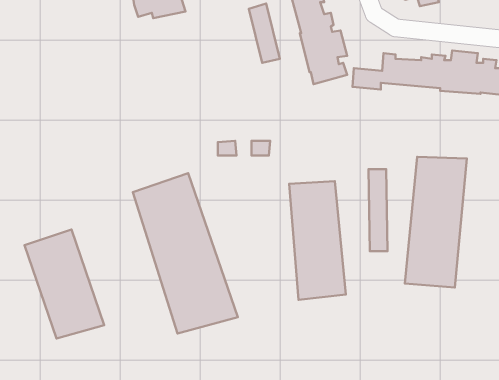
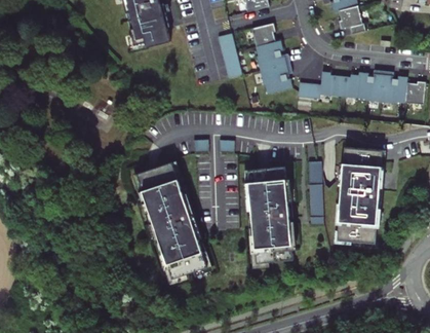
building: [24,230,104,339] -> none

